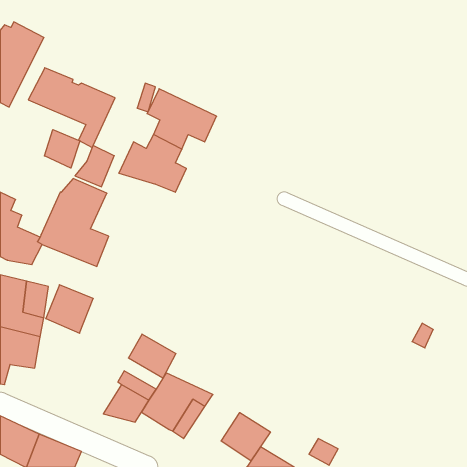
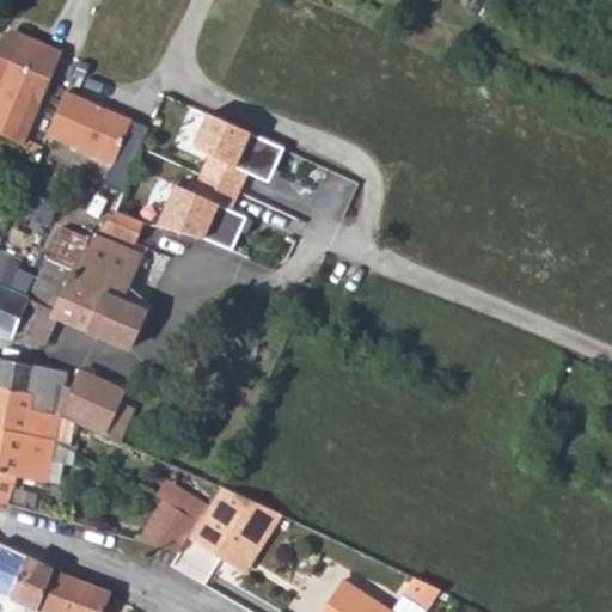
building: [44,130,80,168] -> none
building: none -> [29,258,71,306]
building: [128,334,176,378] -> none
building: [221,413,270,461] -> none

